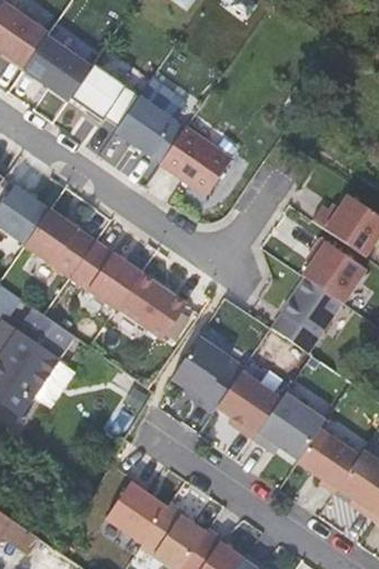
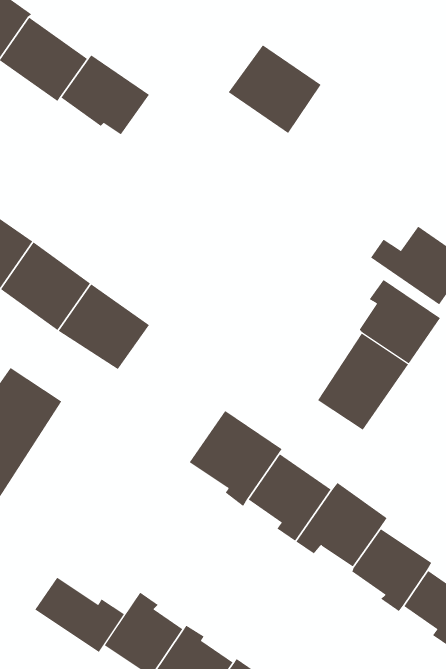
building: [117,96,179,158] -> none
building: [161,128,233,197] -> [228,45,322,134]
building: [117,273,188,339] -> none
building: none -> [34,577,125,653]

